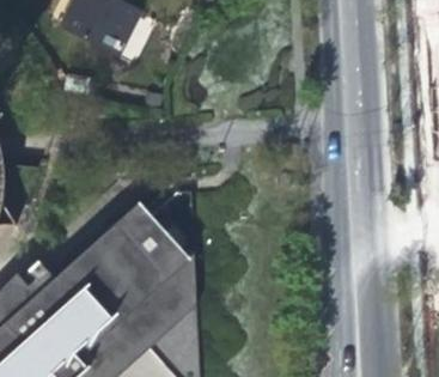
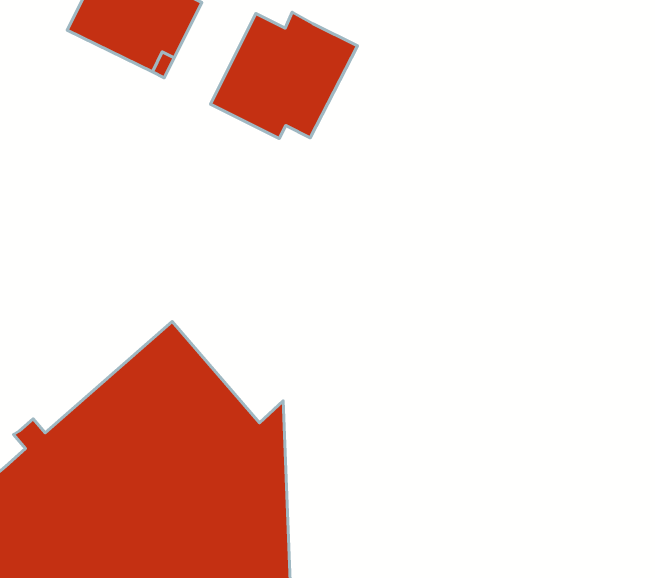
building: none -> [211,12,357,138]

